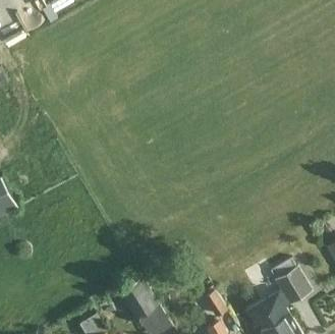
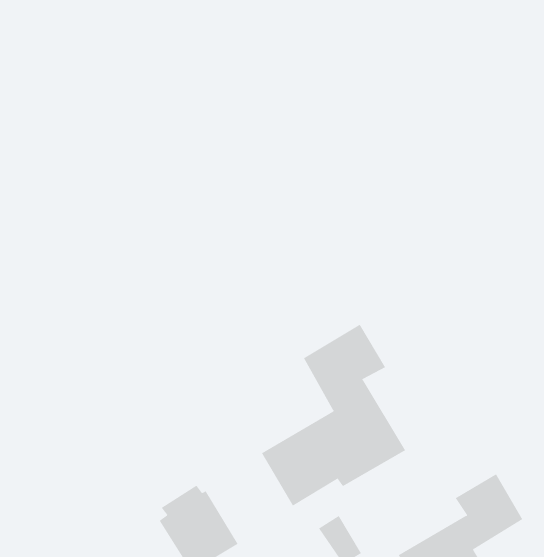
building: none -> [261,324,406,507]

